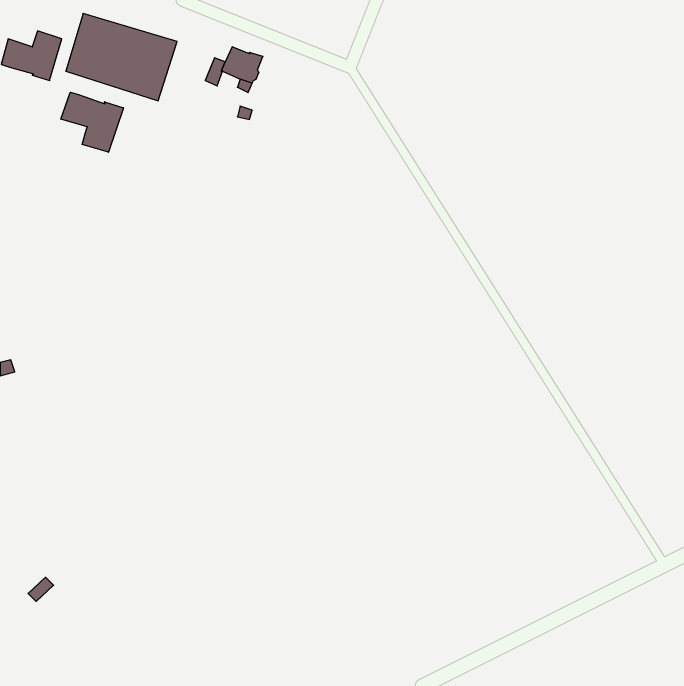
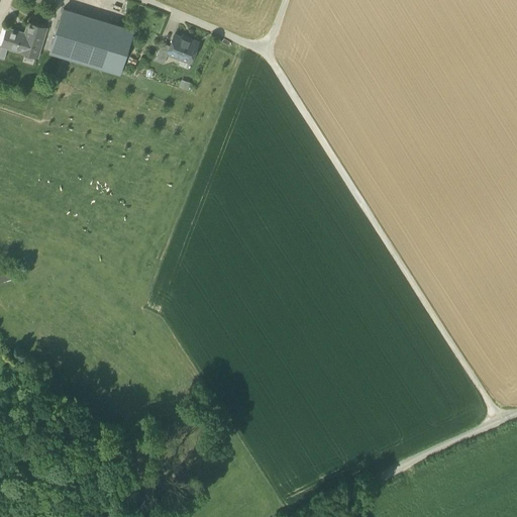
building: [61,92,123,152] -> none

